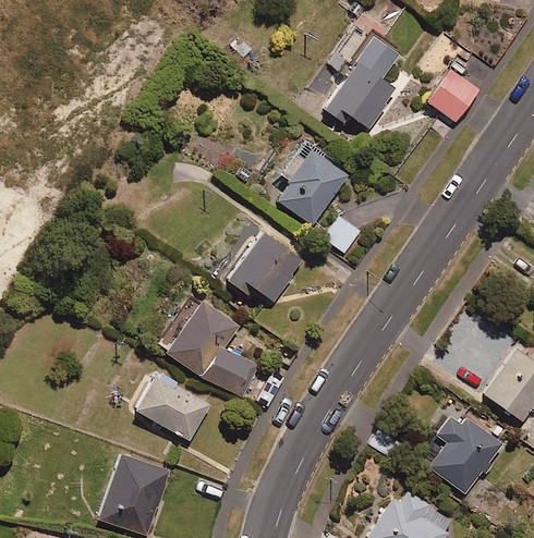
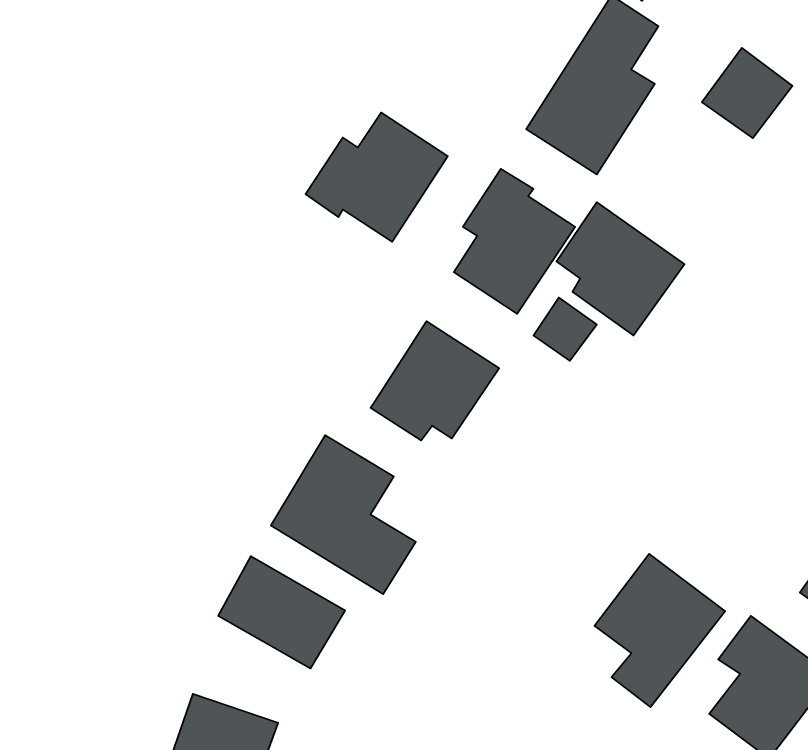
building: none -> [306,112,448,242]
building: none -> [556,202,684,335]
building: none -> [595,554,725,707]

